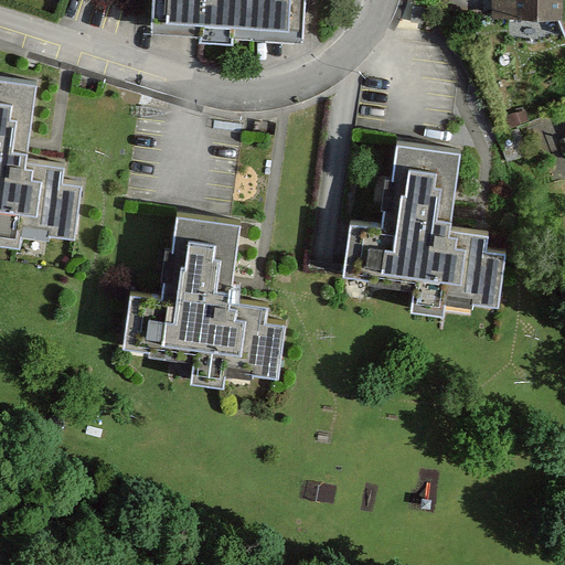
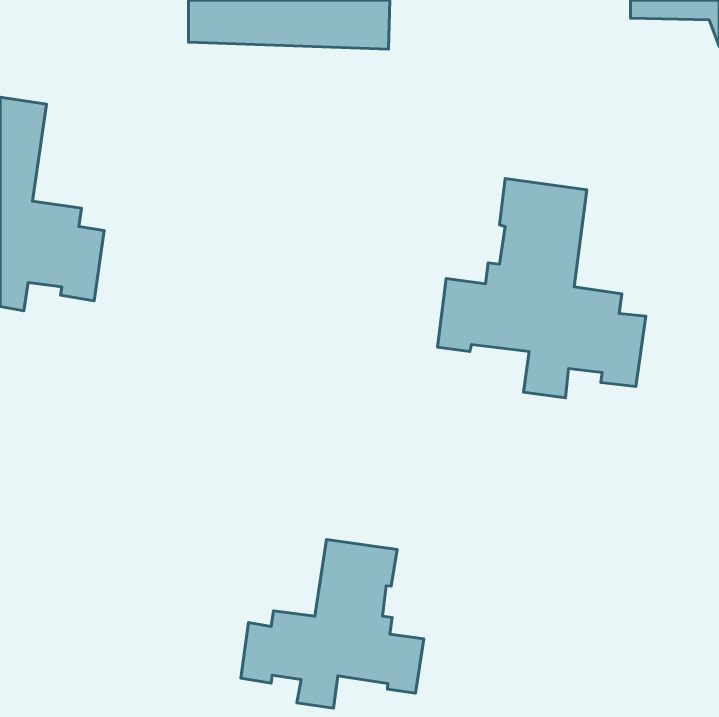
building: [122,214,286,385] -> none
building: none -> [241,540,424,708]

